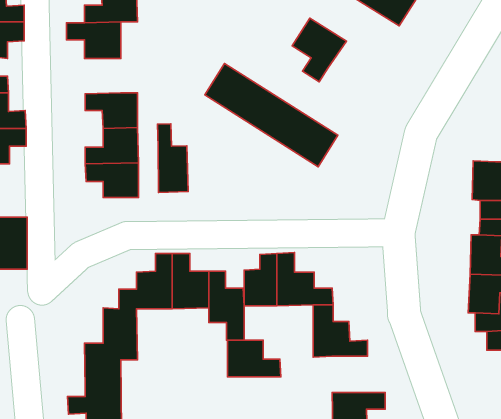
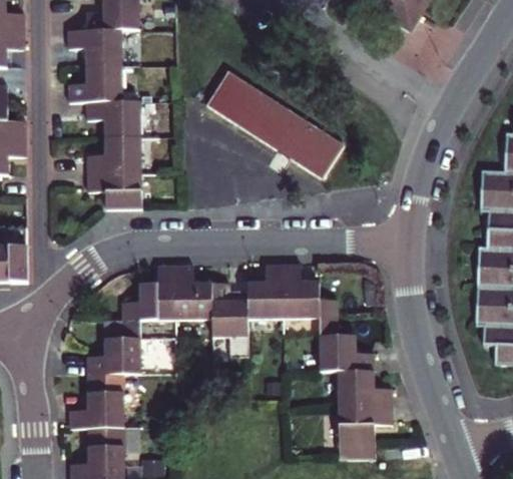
building: [292,18,346,82] -> none
building: none -> [68,66,123,102]
building: [157,124,188,192] -> none
building: [228,340,281,377] -> [338,369,392,406]

